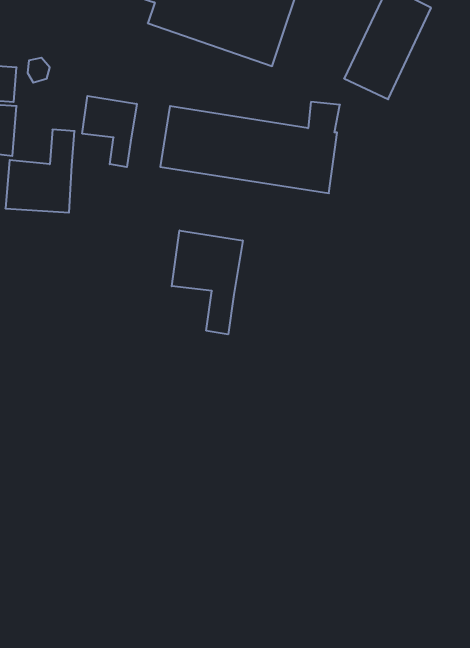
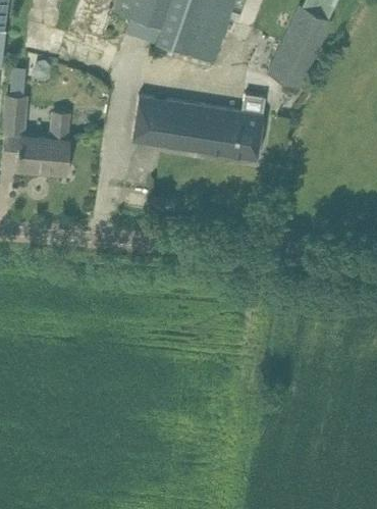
building: [82,96,137,167] -> none
building: [172,230,243,334] -> none

